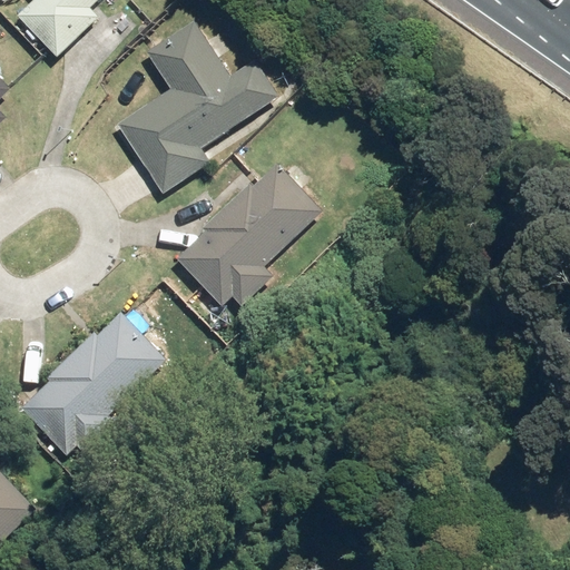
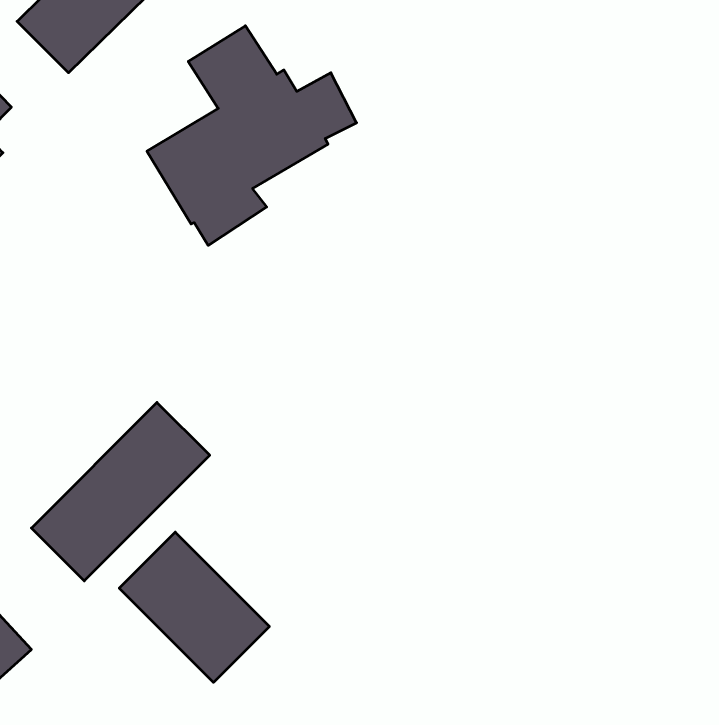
building: [183,177,317,302] -> none
building: none -> [119,532,269,682]

